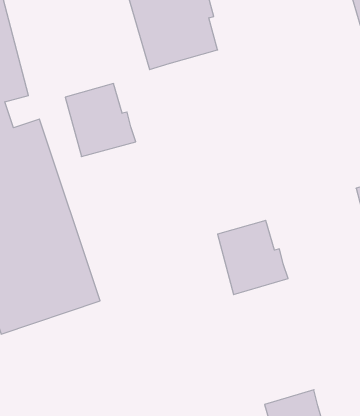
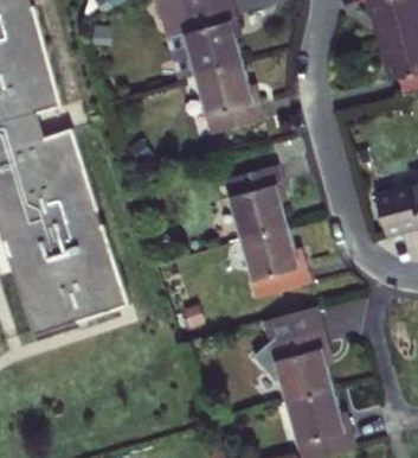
building: [65,84,136,157] -> [195,63,263,133]
building: none -> [224,165,288,240]
building: none -> [253,307,334,403]

